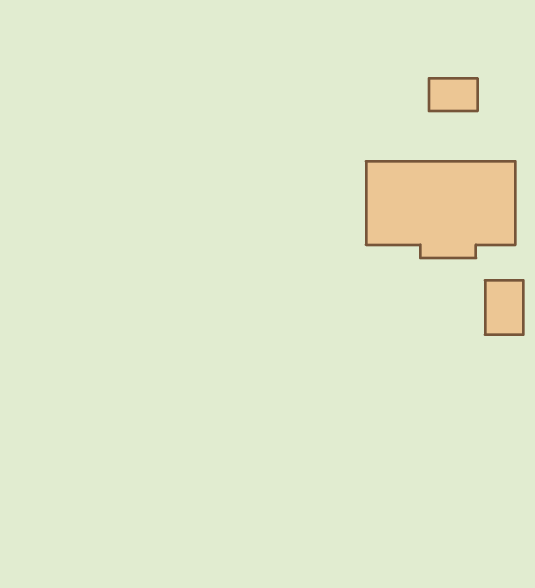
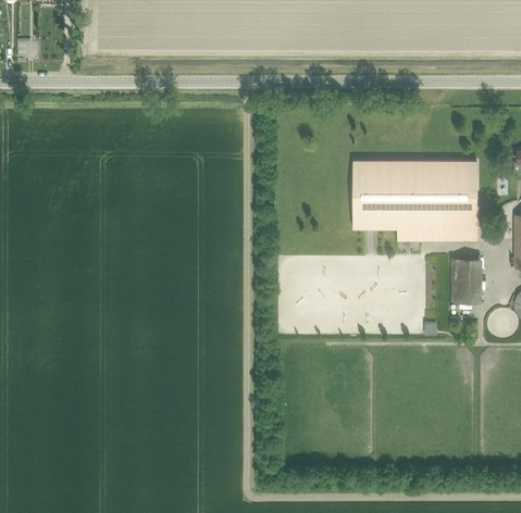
building: [429,78,477,111] -> none

